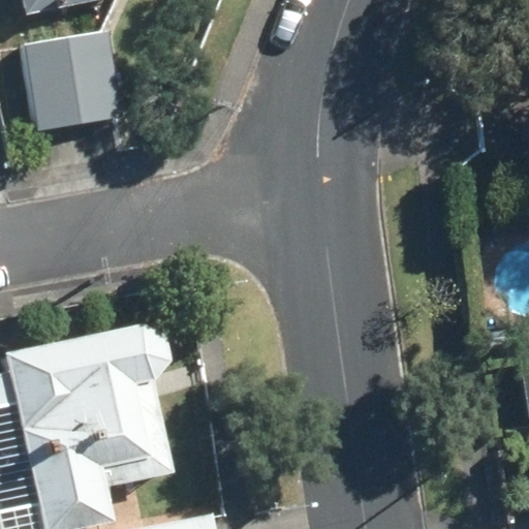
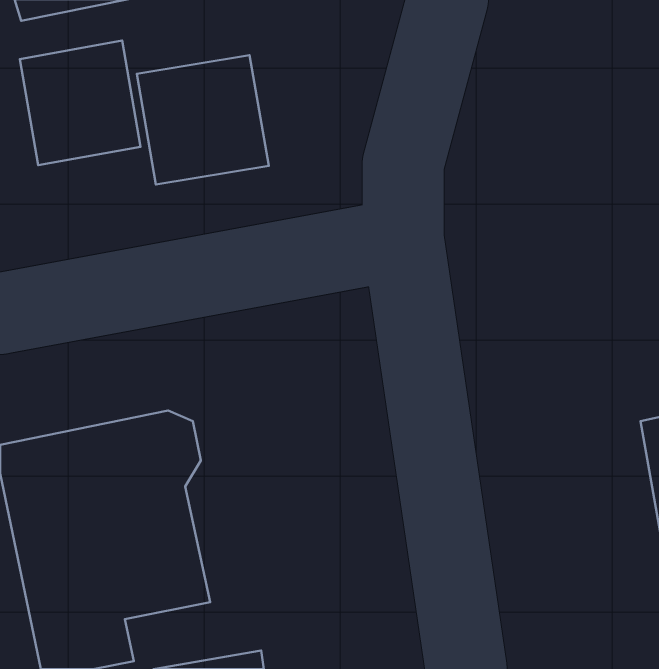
building: none -> [137,55,269,185]

